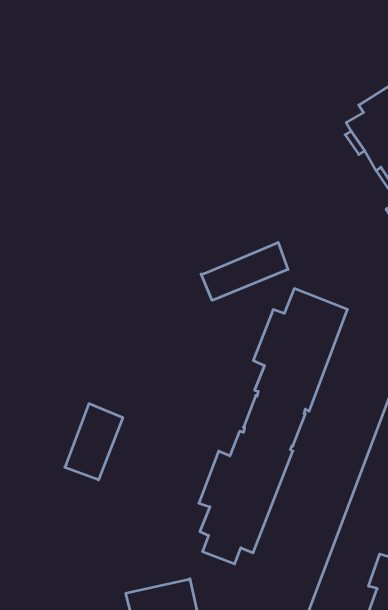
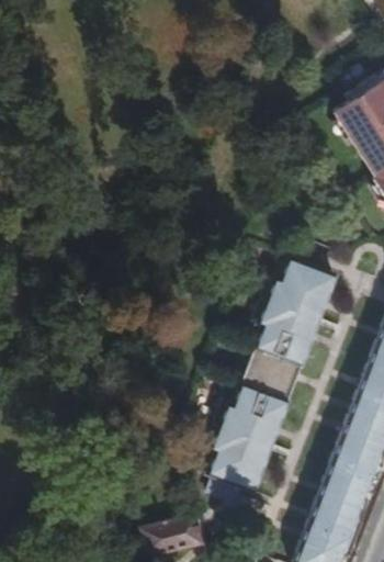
building: [201,242,288,300] -> none
building: [65,404,123,480] -> none

